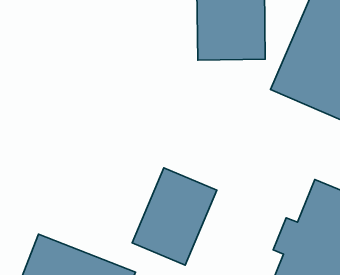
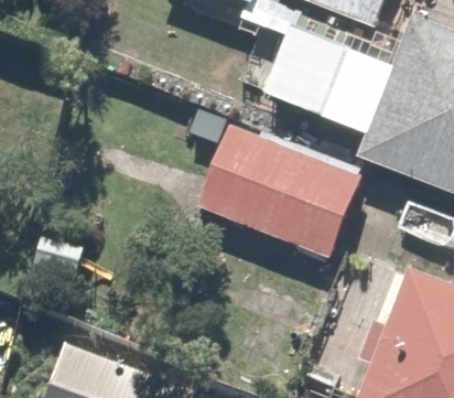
building: none -> [201,118,354,251]
building: [132,168,217,265] -> none

